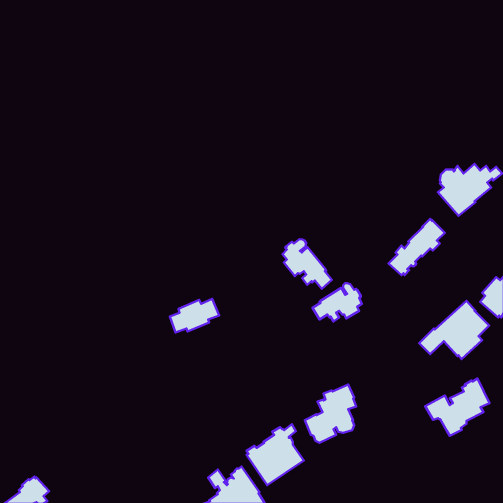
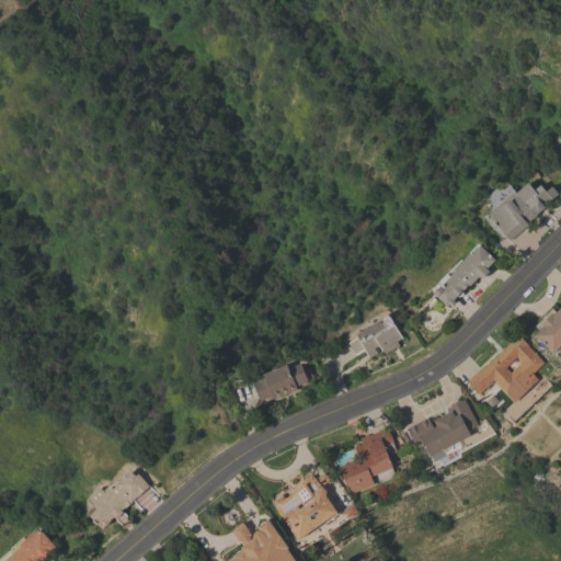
building: [282,239,332,289] -> none
building: [170,299,219,332] -> [254,364,309,401]
building: [425,379,489,436] -> [407,399,478,462]
building: none -> [89,471,150,529]

